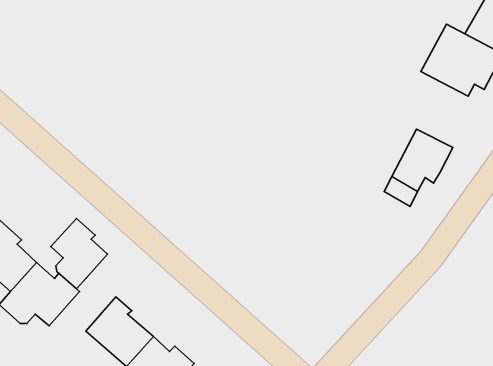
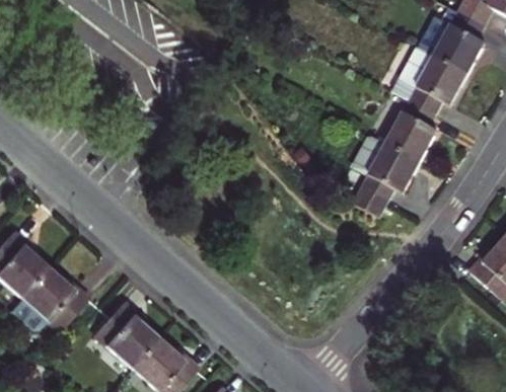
building: none -> [394,90,446,152]
building: [51,219,108,289] -> none

